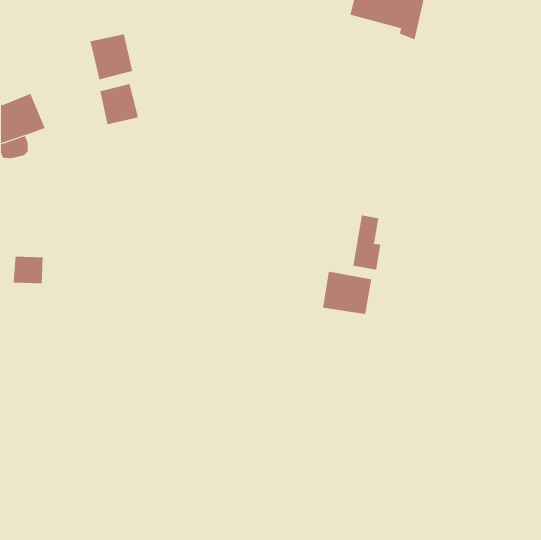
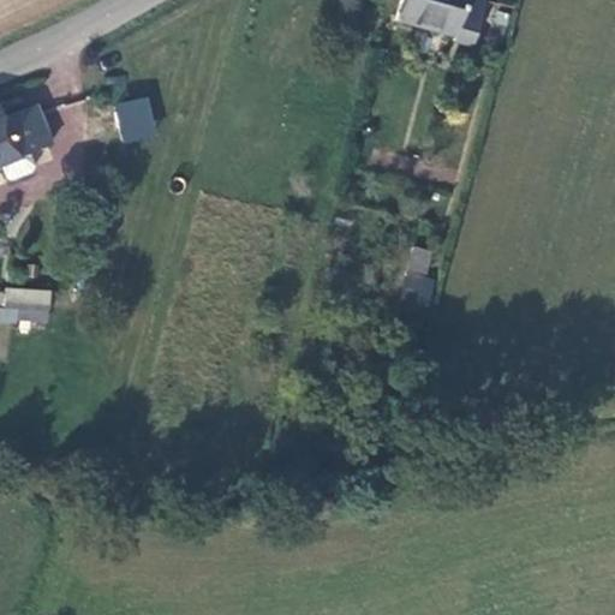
building: [90,33,133,80] -> none
building: [322,271,372,315] -> none

